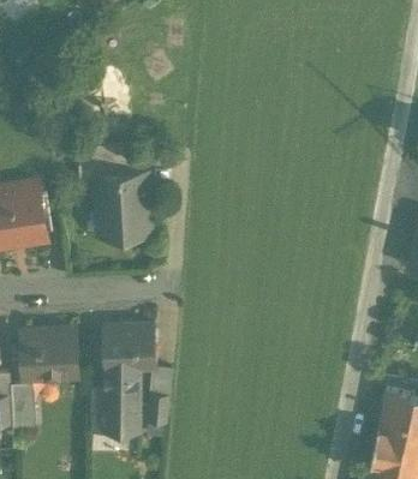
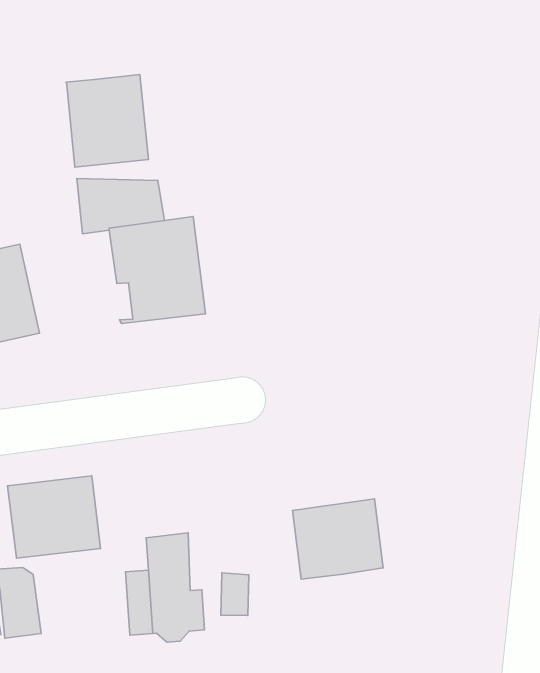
building: none -> [66,74,149,167]
building: [103,325,157,372] -> [292,499,383,579]

